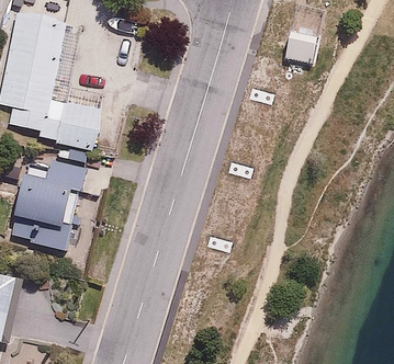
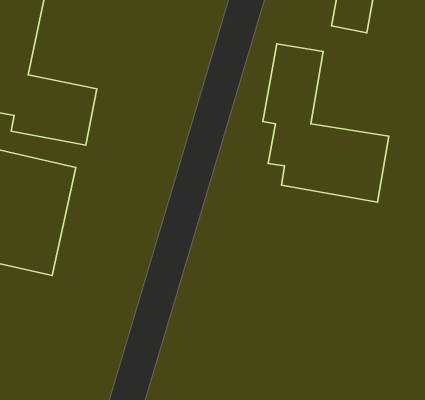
building: none -> [263,44,389,202]

